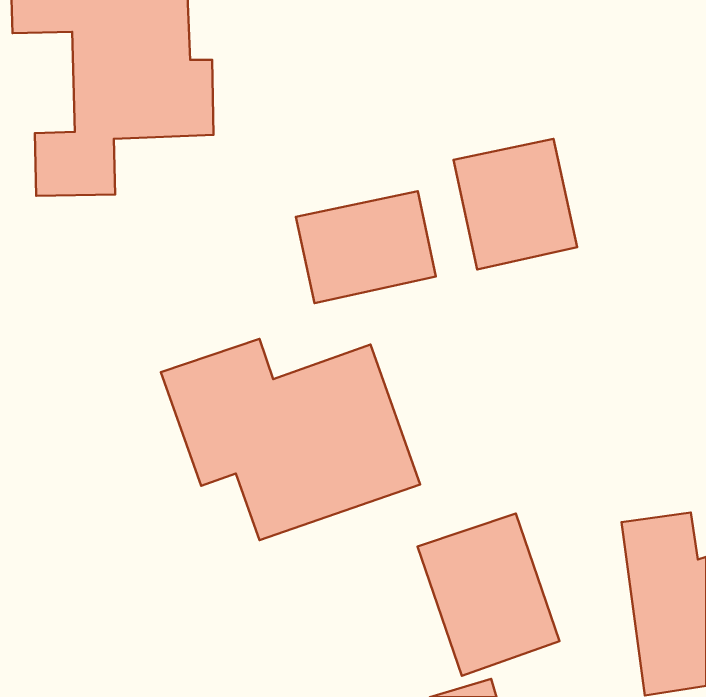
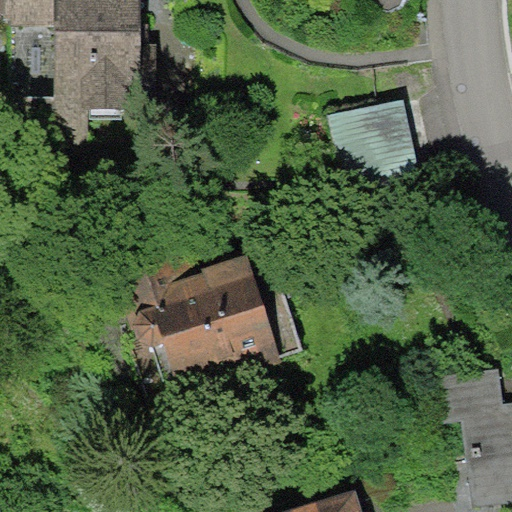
building: [296,191,436,303] -> none
building: [417,513,560,676] -> none

